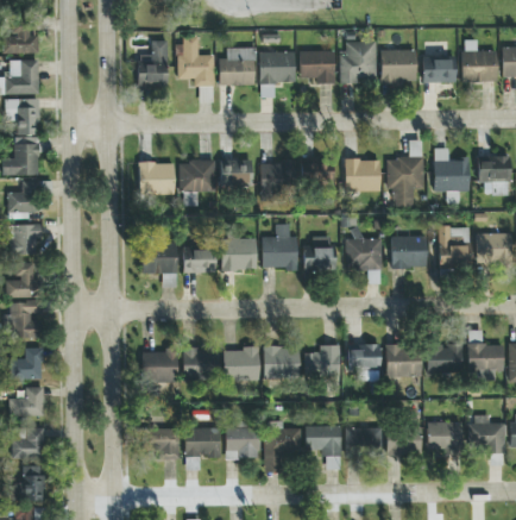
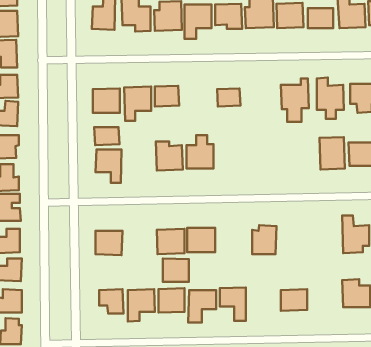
building: [345,158,380,189] -> none
building: [260,161,295,192] -> none
building: [303,236,334,271] -> none
building: [391,236,427,268] -> none
building: [345,238,382,269] -> none
building: [182,249,215,272] -> [94,127,119,145]
building: [304,344,340,375] -> none
building: [385,344,421,376] -> none
building: [426,345,462,372] -> none
building: [182,347,216,378] -> [163,258,189,282]
building: [427,421,462,451] -> none
building: [346,427,380,453] -> none

